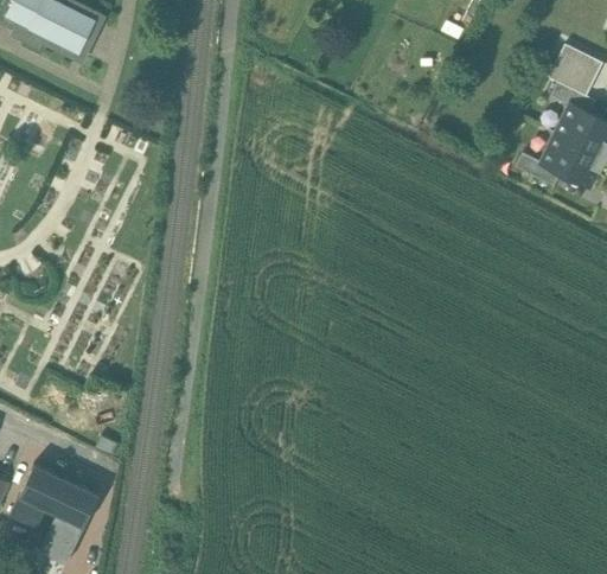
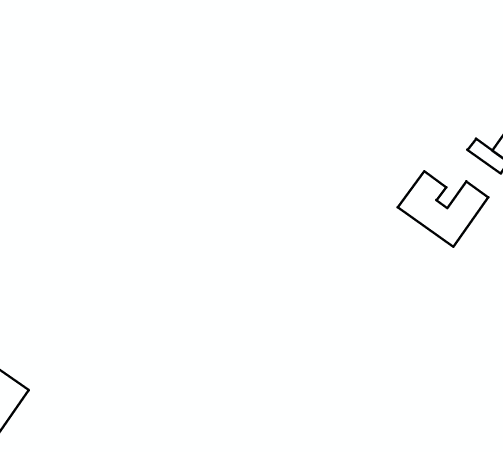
building: none -> [398,171,488,247]

